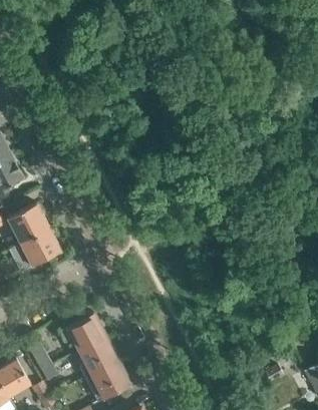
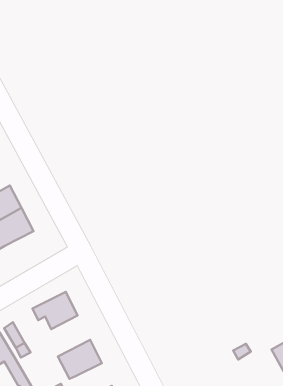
building: [78,337,118,379] -> none

